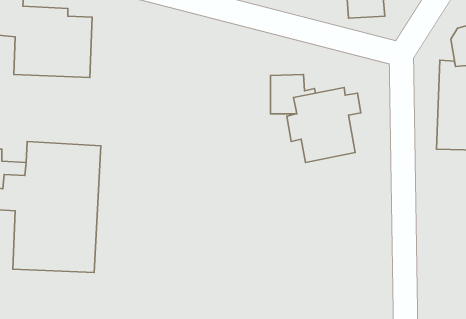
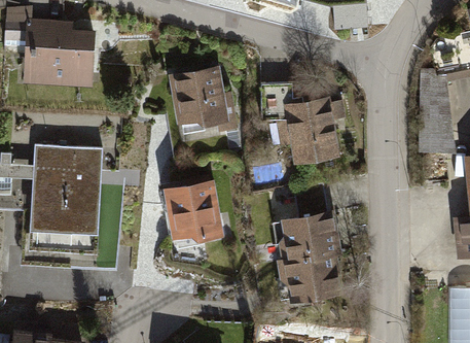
building: none -> [168,65,239,134]
building: none -> [162,179,225,242]
building: none -> [277,210,345,303]

